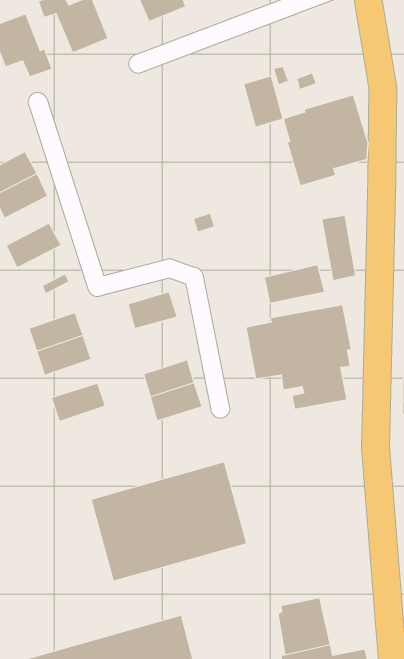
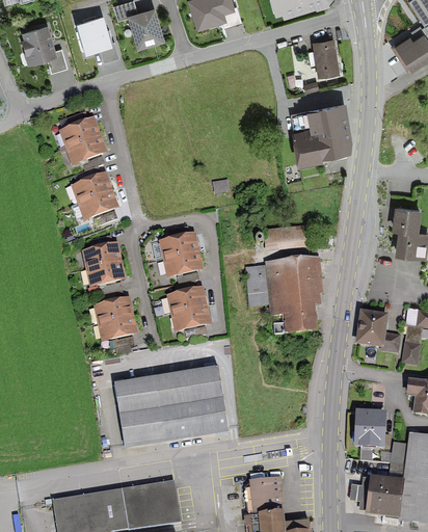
building: [244,76,283,127] -> [313,36,340,74]
building: [322,215,356,281] -> none
building: none -> [78,190,118,220]
building: none -> [162,254,197,275]
building: none -> [98,315,138,341]

